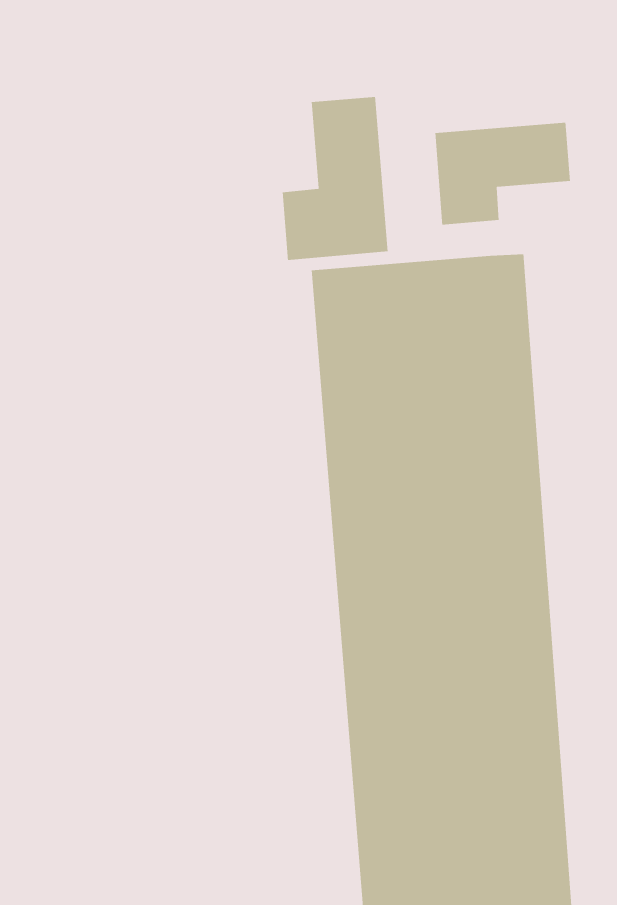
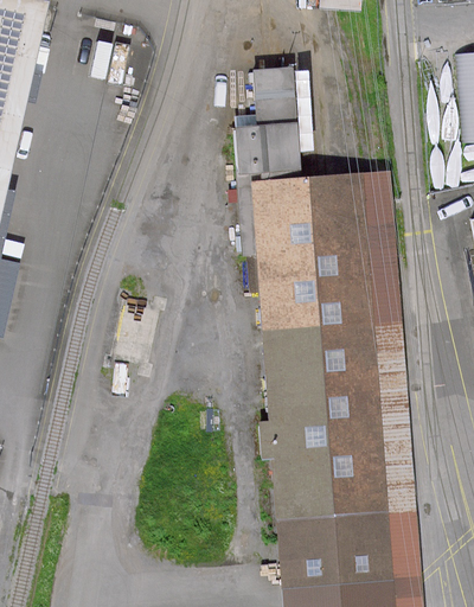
building: [435,122,571,226] -> none

